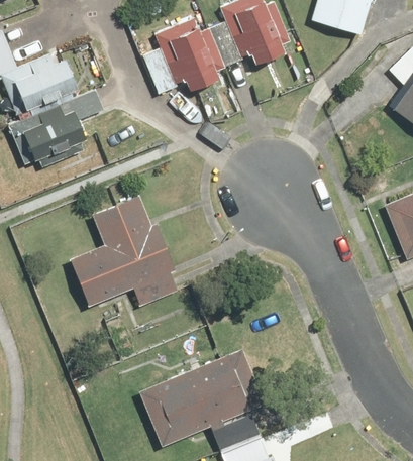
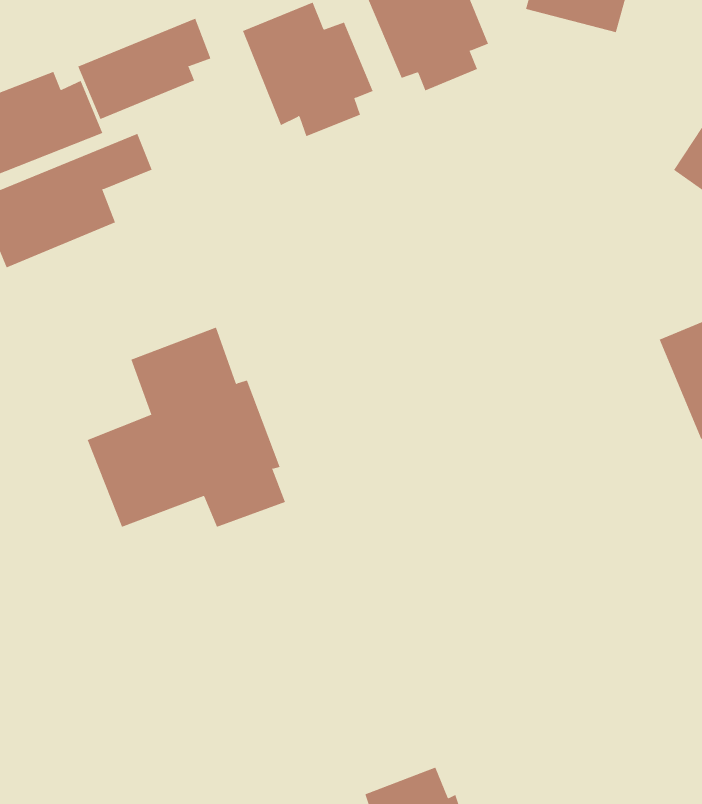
building: none -> [77,18,211,120]
building: [138,349,264,451] -> none

